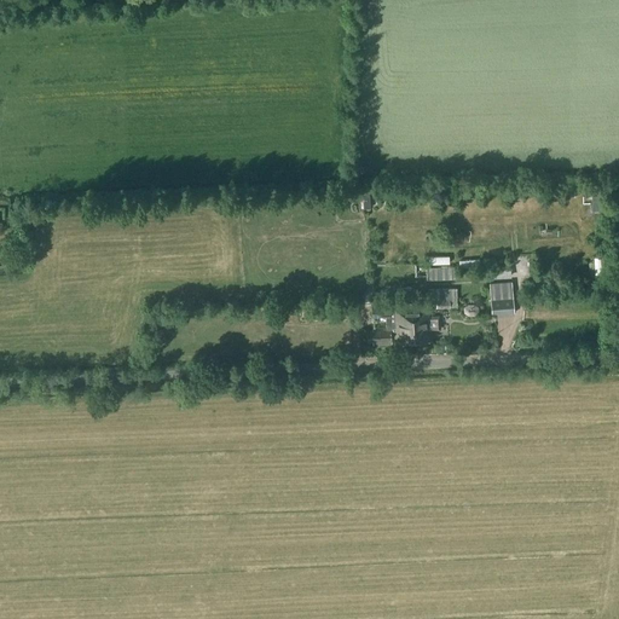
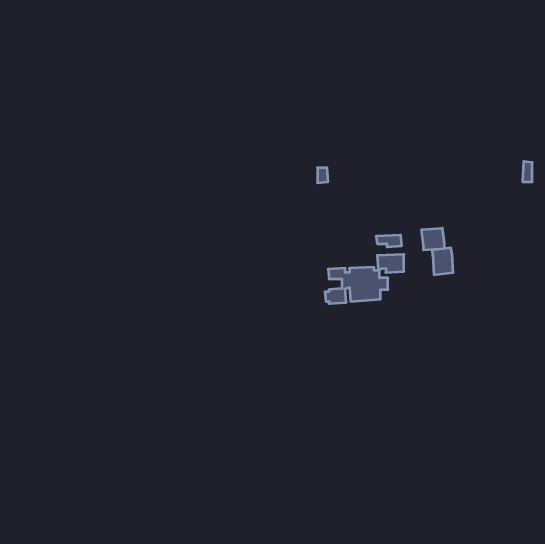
building: none -> [422,228,444,250]

